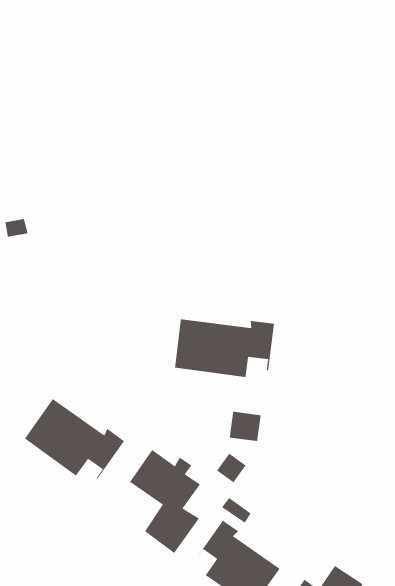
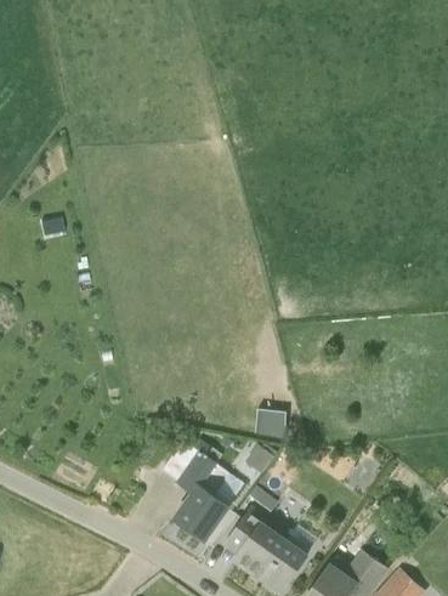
building: [175,318,275,378] -> none
building: [24,398,125,480] -> none

